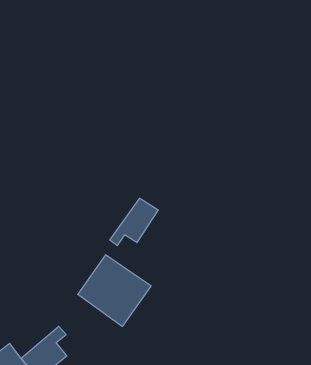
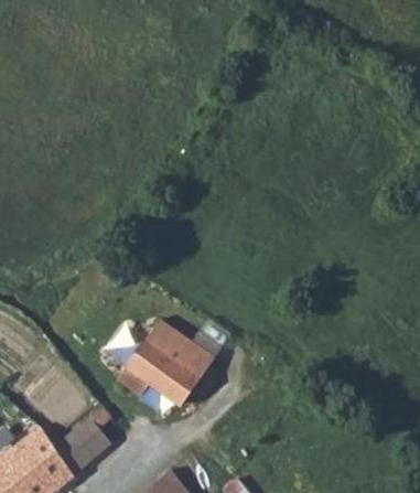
building: [110,198,158,246] -> none

